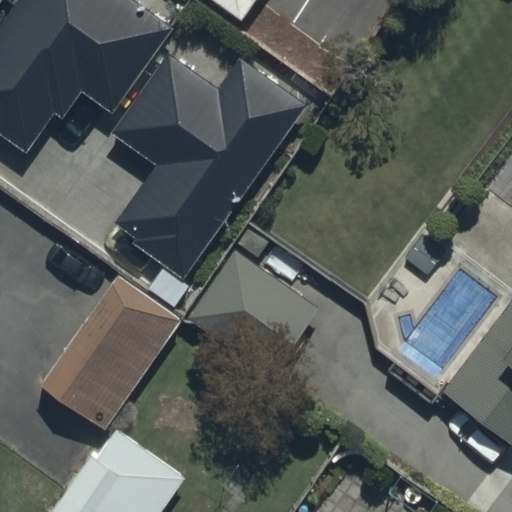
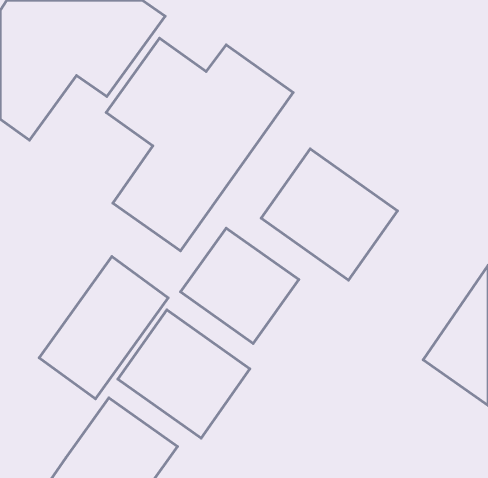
building: none -> [261,149,397,280]
building: none -> [118,310,250,438]

